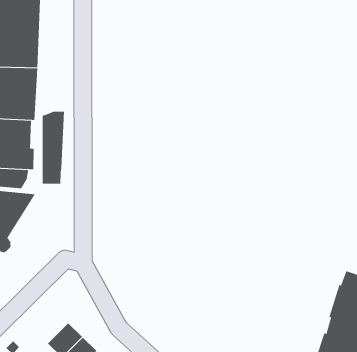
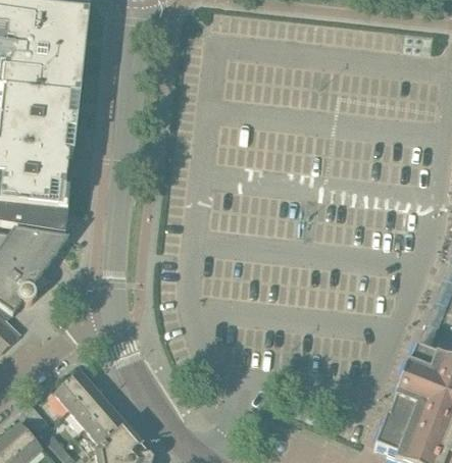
building: [42,111,65,184] -> none
building: none -> [53,371,94,411]

